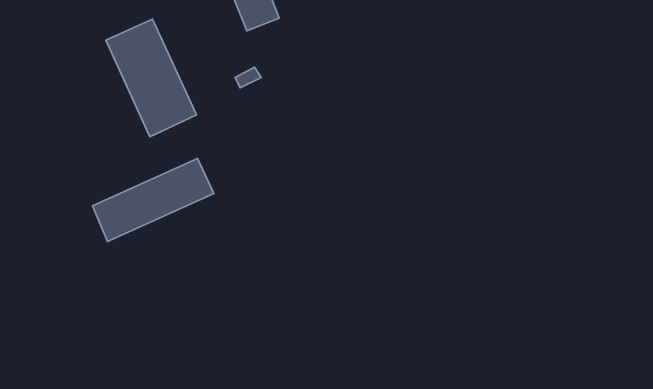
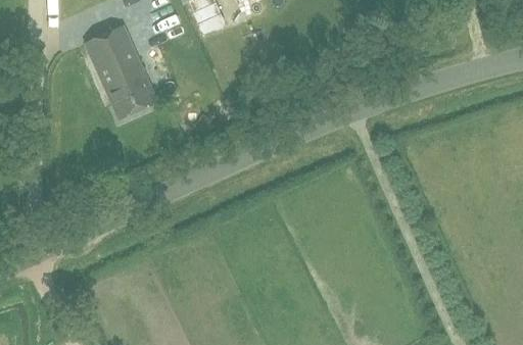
building: [92,159,214,242] -> none

